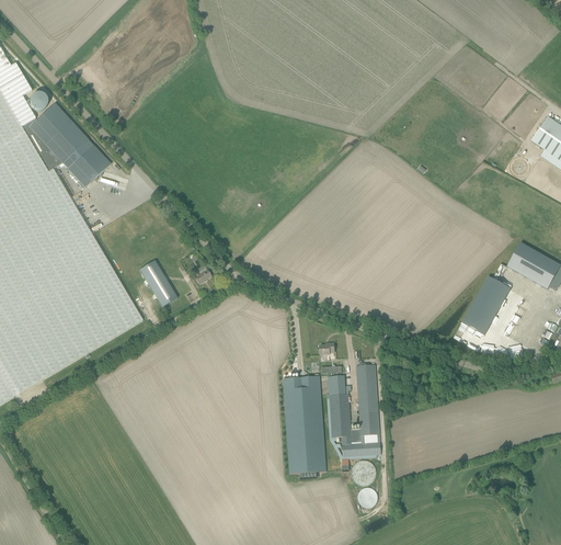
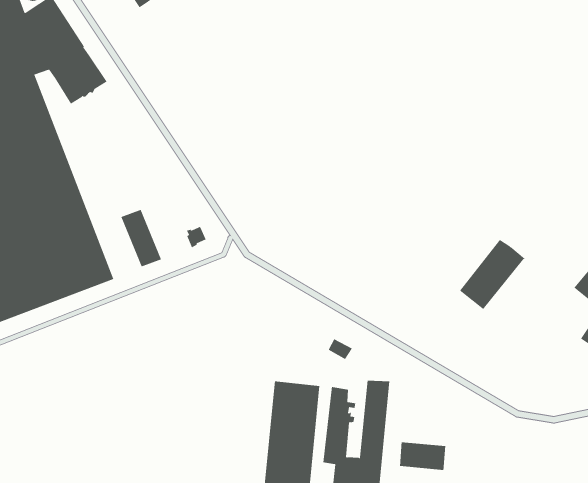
building: [461,275,510,333] -> [459,239,525,310]
building: none -> [400,441,446,471]

